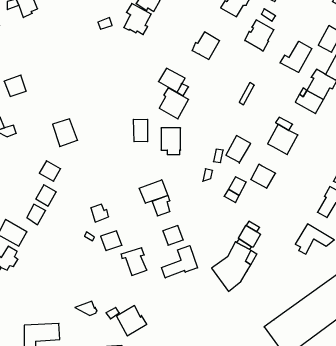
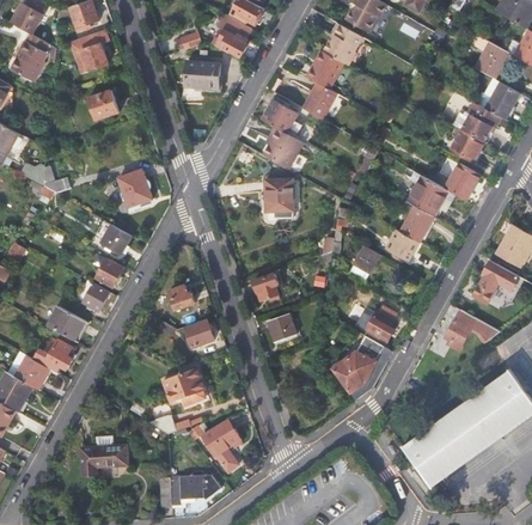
building: none -> [69,30,108,73]
building: [245,20,274,51] -> [322,24,361,66]
building: none -> [182,61,216,90]
building: [280,41,312,72] -> none
building: none -> [301,81,336,120]
building: [4,75,26,96] -> [86,88,116,117]
building: none -> [450,164,481,194]
building: [134,119,148,142] -> none
building: [226,136,251,163] -> [400,206,434,243]
building: [139,180,168,203] -> none
building: [162,246,198,278] -> none
building: [121,248,147,275] -> [173,365,208,402]

